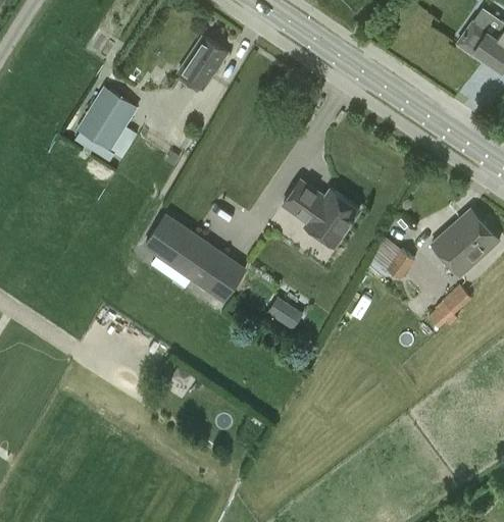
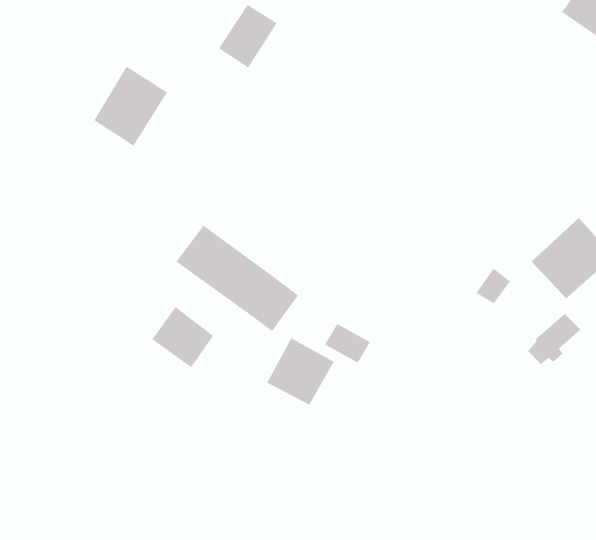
building: [283,181,359,248] -> none
building: none -> [152,306,214,368]
building: none -> [267,338,334,406]

